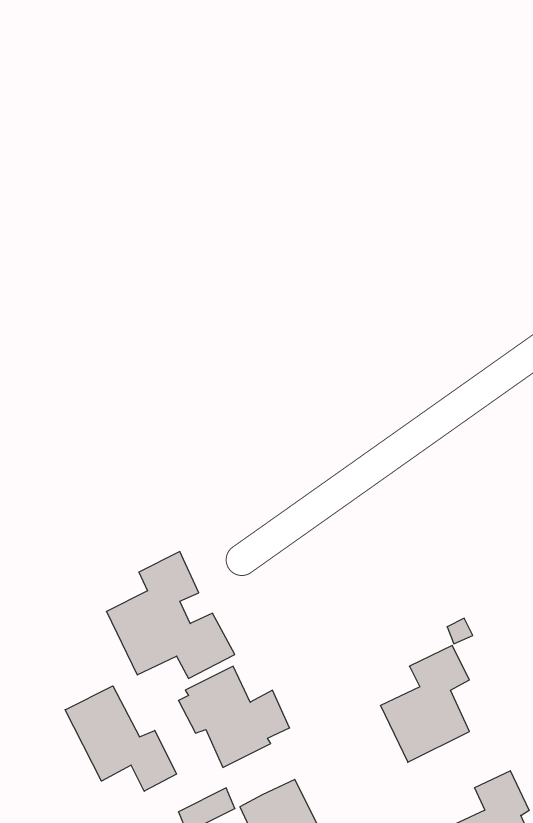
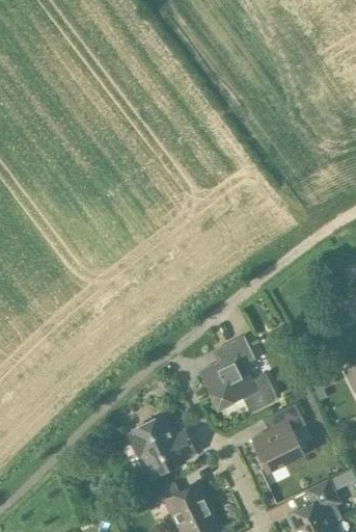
building: [106,552,235,678] -> [199,336,277,413]
building: [65,686,177,791] -> none

